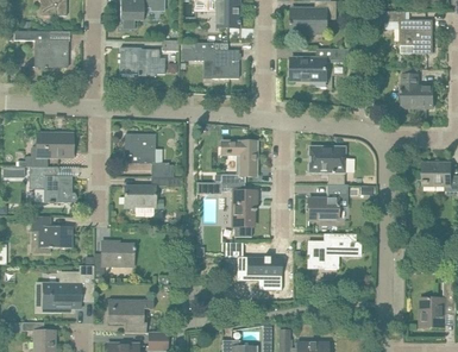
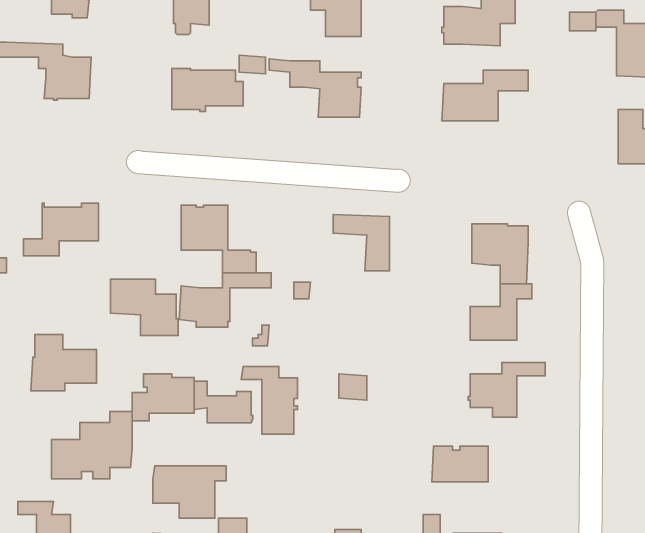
building: [29,166,71,202] -> [110,279,178,336]
building: [220,183,256,226] -> [241,367,298,434]
building: none -> [194,381,253,423]
building: [246,257,282,279] -> [432,446,488,482]

